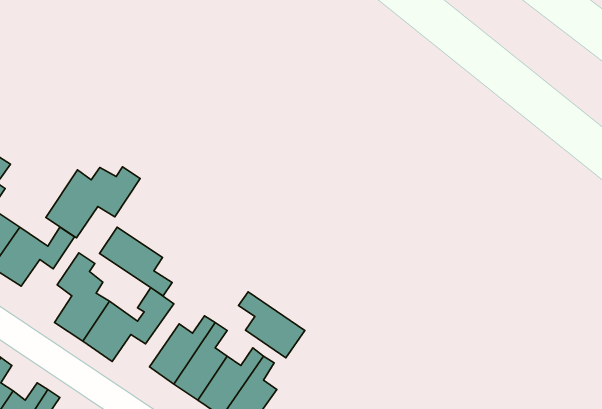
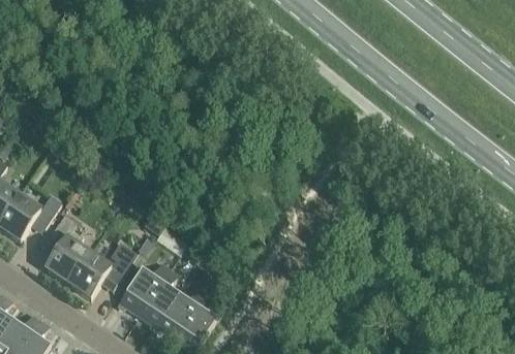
building: [46,167,140,238] -> none
building: [99,227,172,296] -> none
building: [239,292,305,358] -> none

